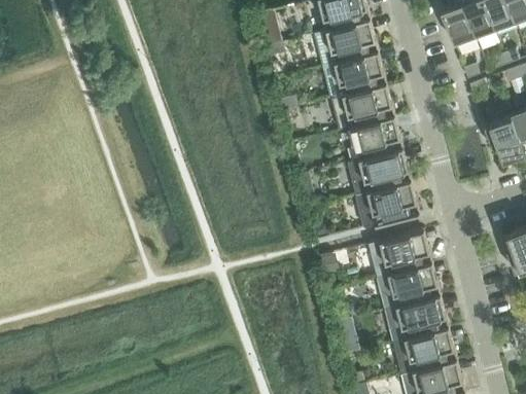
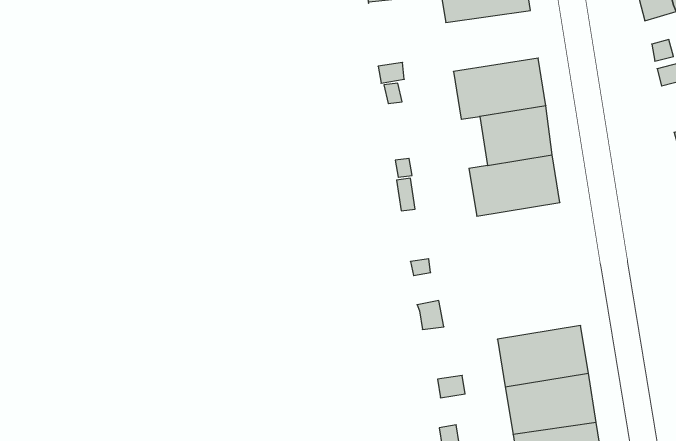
building: [322,53,387,100] -> none
building: [355,182,420,229] -> none
building: [369,231,432,279] -> none

